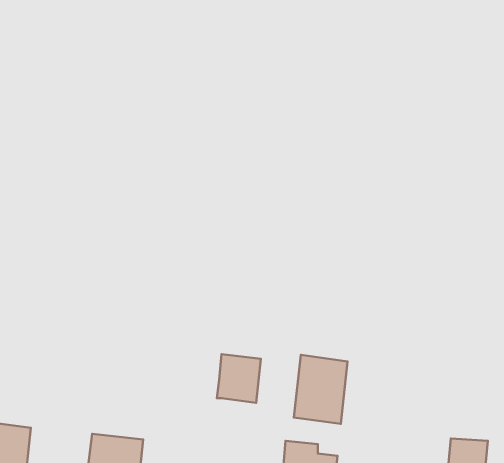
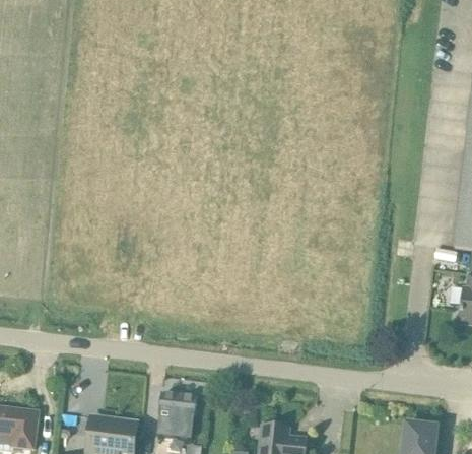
building: [217,354,261,403] -> [157,390,196,433]
building: [294,355,347,424] -> none

